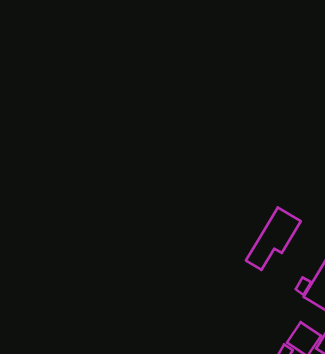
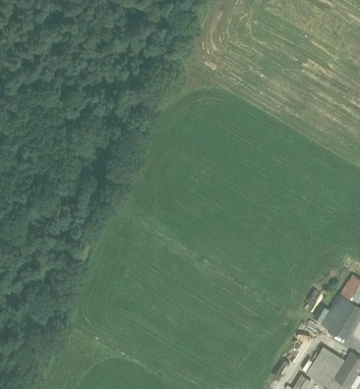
building: [246,207,301,270] -> none

